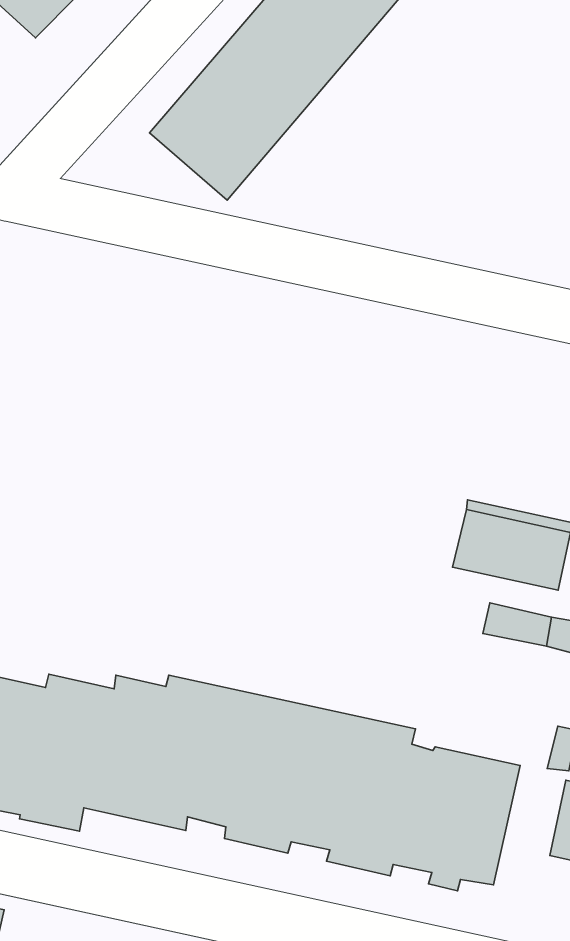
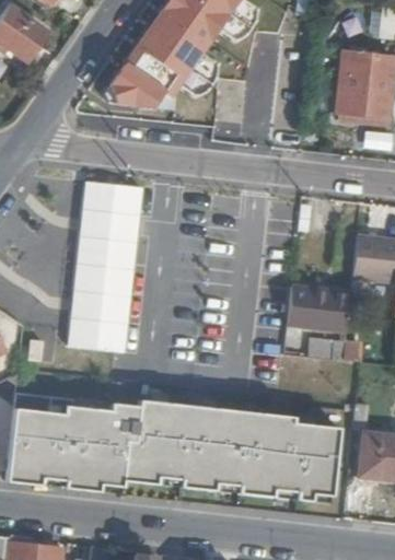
building: none -> [70,179,142,351]

